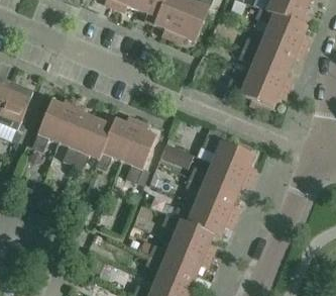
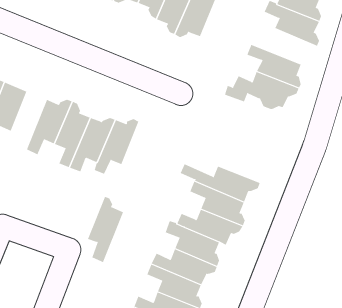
building: [242,32,305,67] -> none
building: [121,120,155,183] -> [87,196,124,263]
building: [202,134,253,178] -> none

